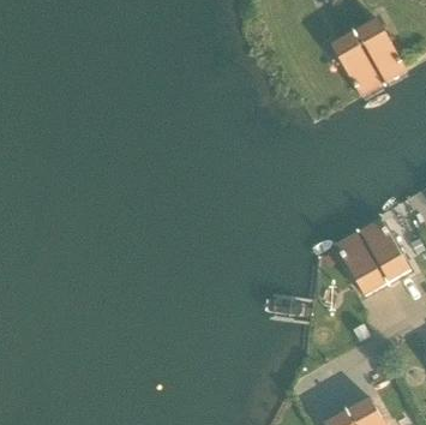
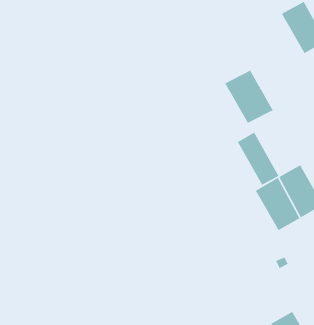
building: [325,29,386,96] -> [224,70,274,124]
building: none -> [237,131,279,186]

